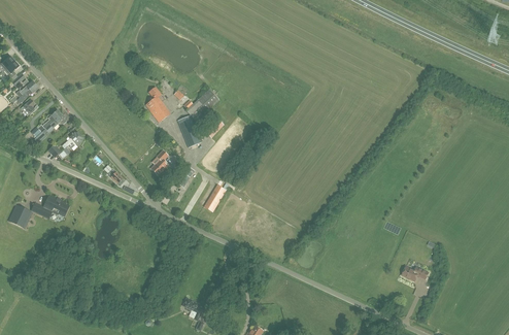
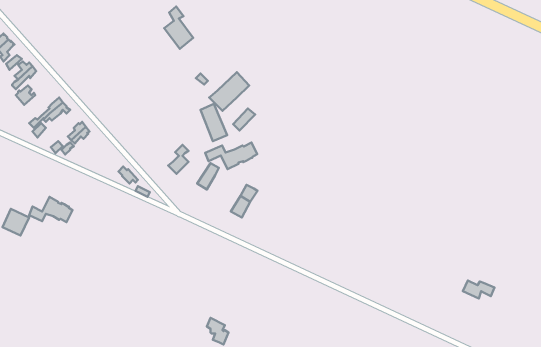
building: [145,86,170,122] -> [164,6,193,49]
building: none -> [205,142,257,169]

